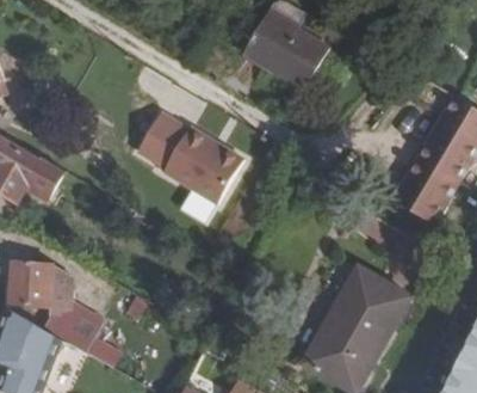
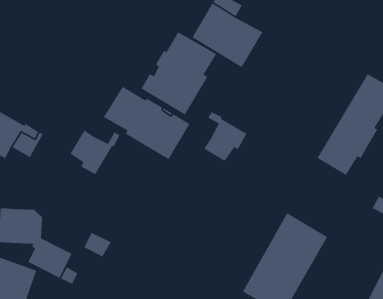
building: none -> [140,31,217,116]
building: none -> [203,111,247,162]
building: none -> [70,130,120,175]

